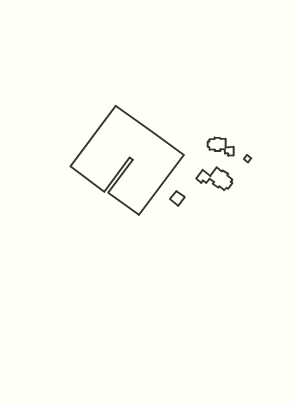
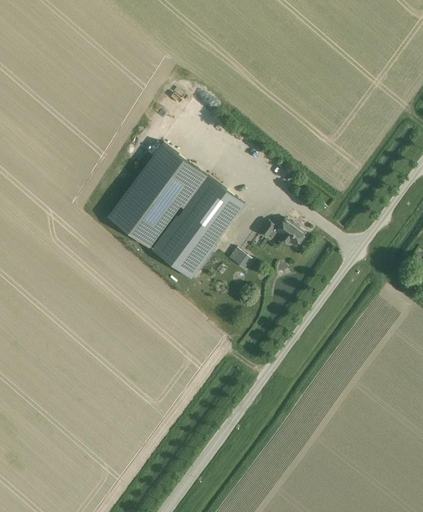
building: [208,137,233,156] -> none

